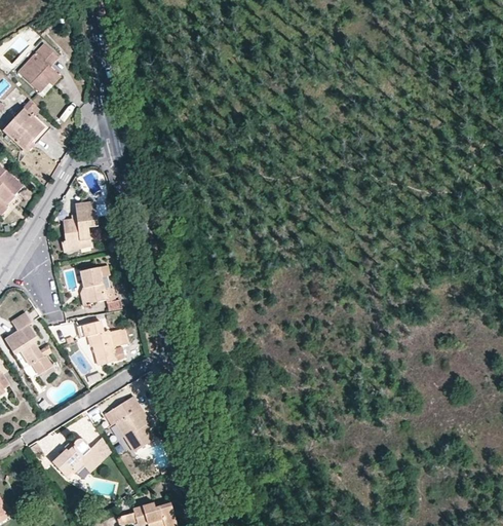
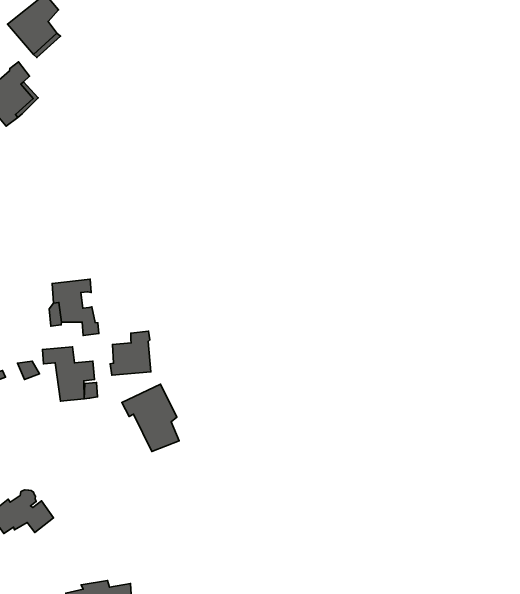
building: [63,200,98,252] -> none
building: none -> [110,331,151,375]
building: [105,396,154,450] -> [122,384,179,452]

